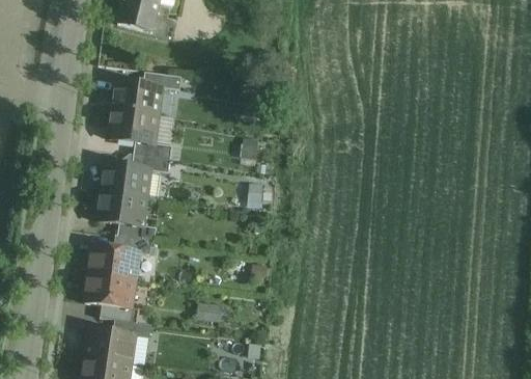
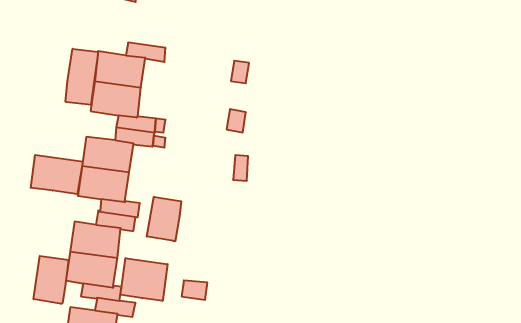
building: none -> [65,49,98,105]
building: none -> [31,155,83,194]
building: none -> [147,197,181,241]
building: none -> [34,256,69,304]
building: none -> [121,258,168,301]

